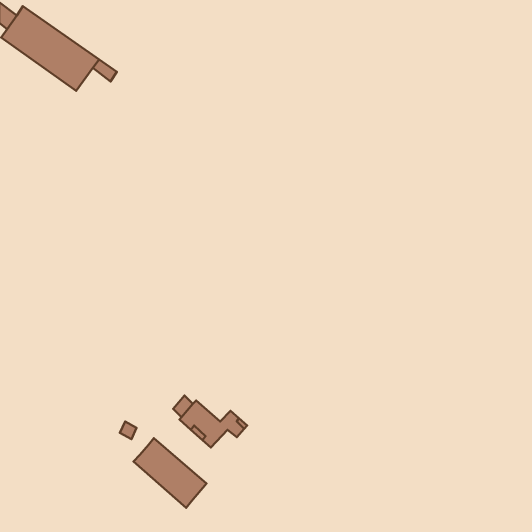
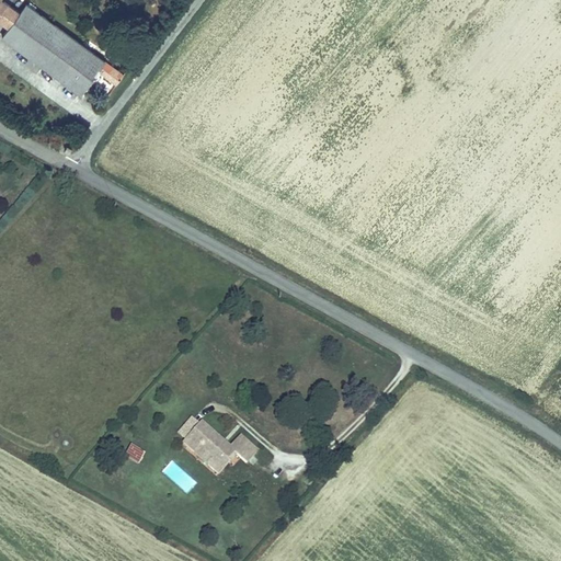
building: [133,438,207,508] -> none

